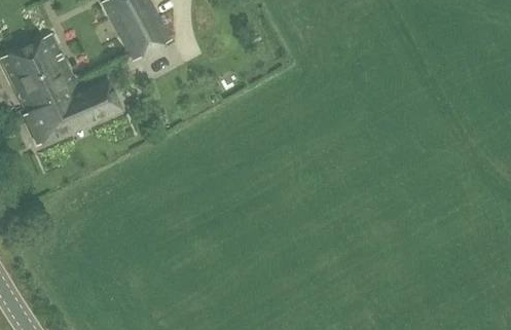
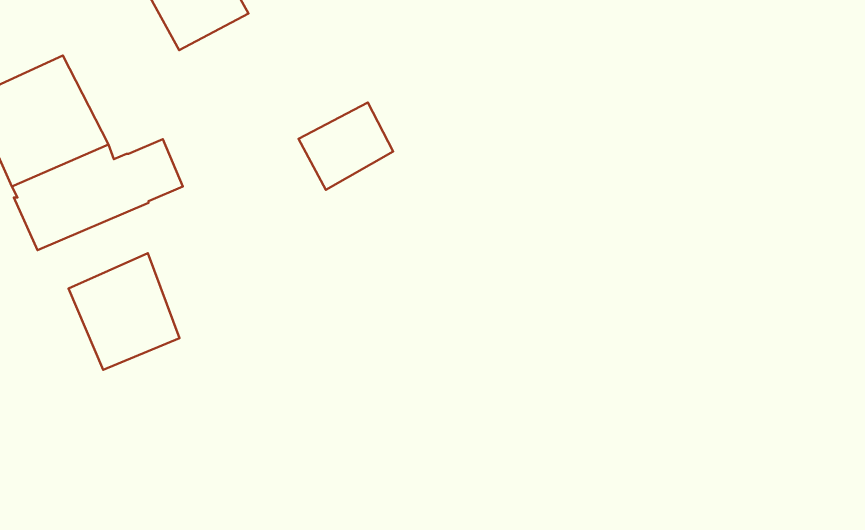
building: [117,11,171,61] -> [299,102,393,190]
building: none -> [68,253,179,370]

